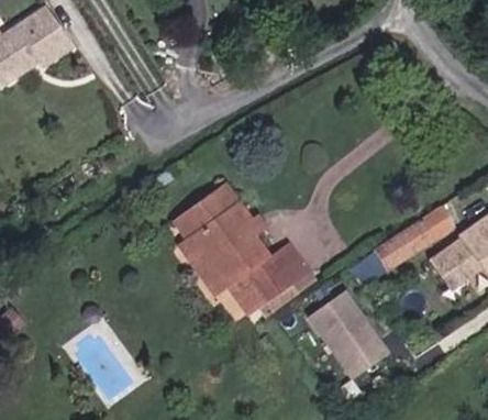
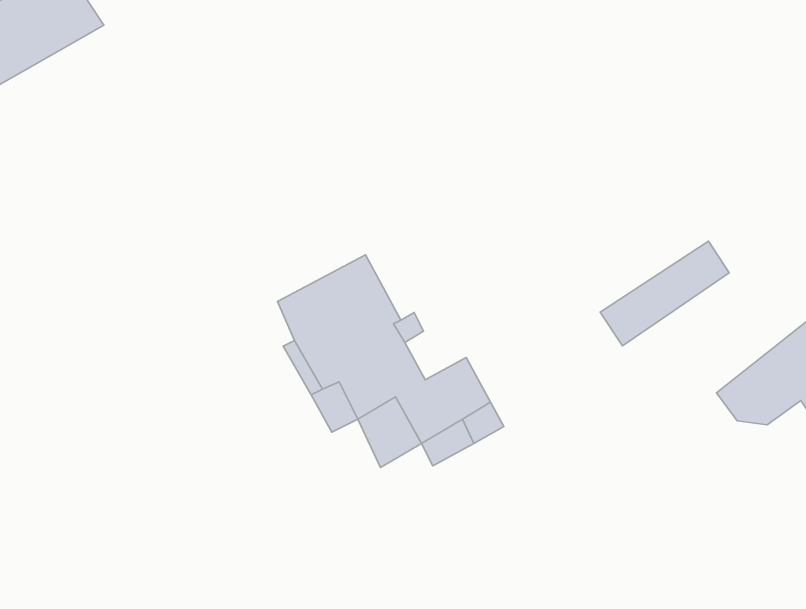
building: [374,208,450,269] -> [600,241,729,346]
building: [309,290,389,377] -> none

